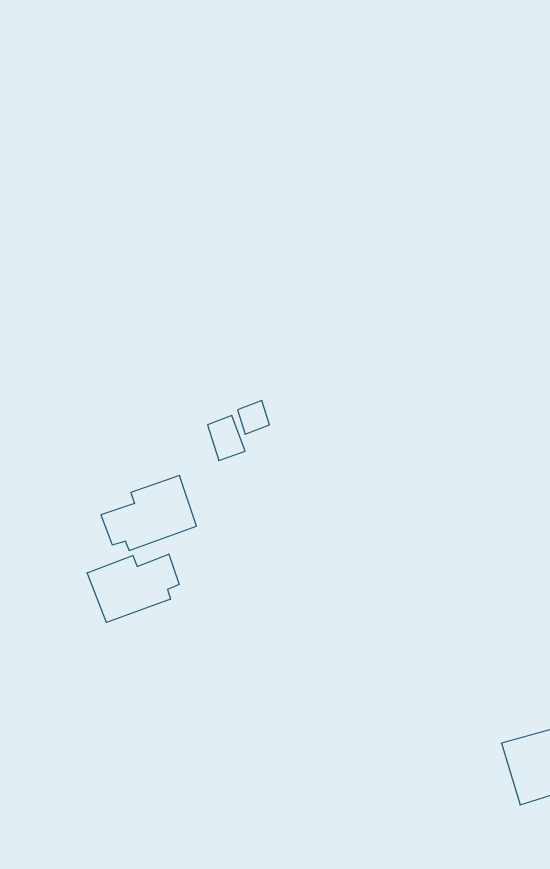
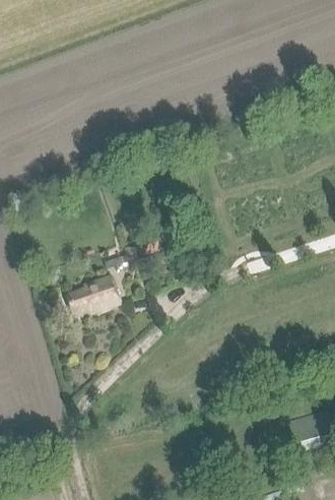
building: [87,554,179,622] -> none

